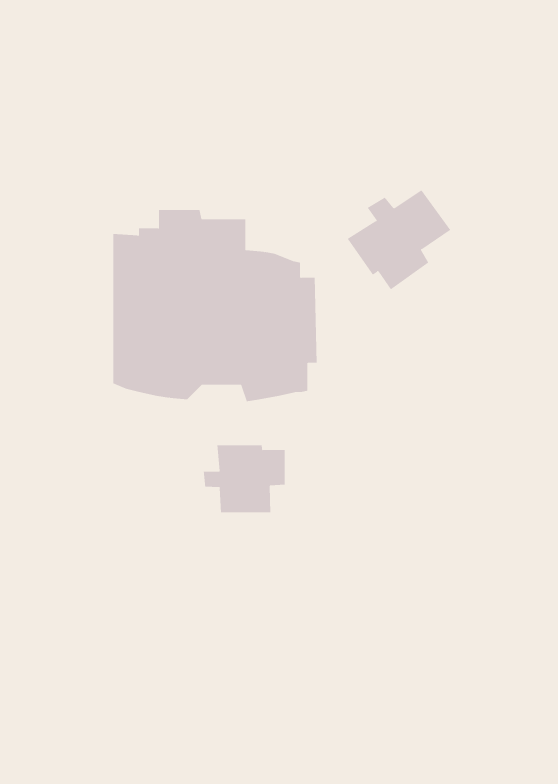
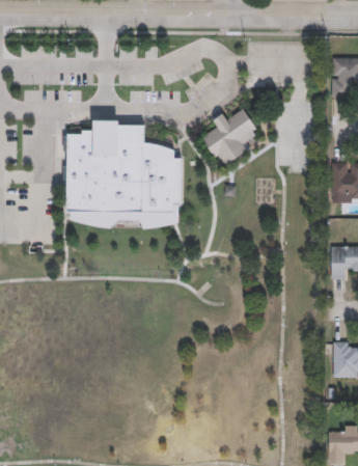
building: [203,444,285,513] -> none

